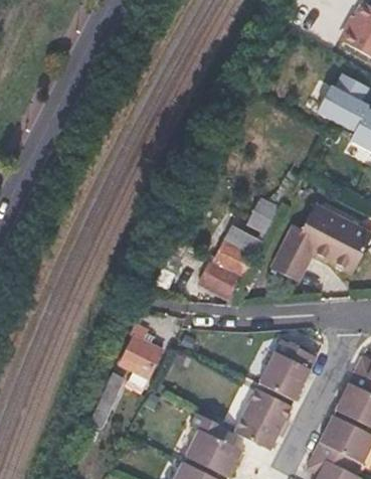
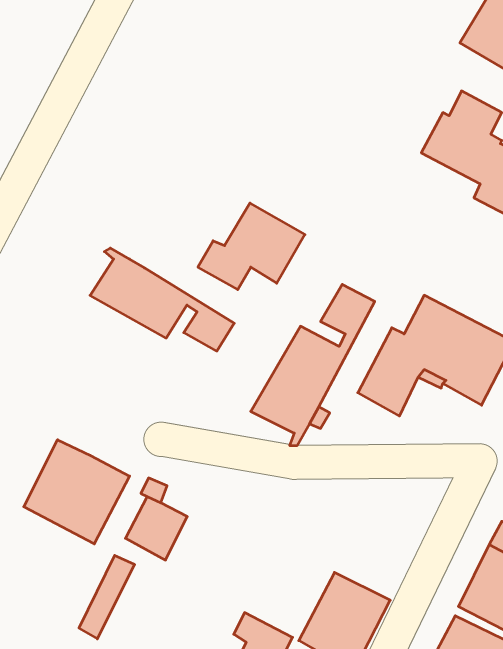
building: none -> [198,203,305,290]
building: none -> [90,248,234,351]
building: none -> [24,440,130,544]
building: [259,335,317,397] -> none

